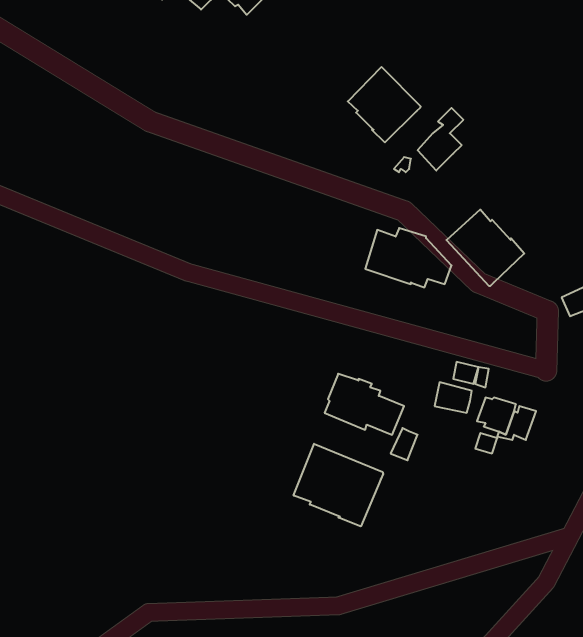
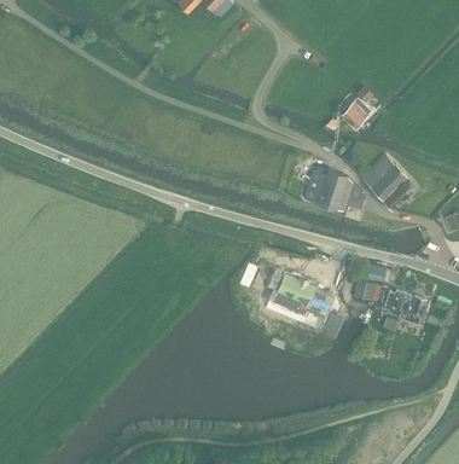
building: [348,67,420,142] -> none
building: [294,444,383,526] -> none

